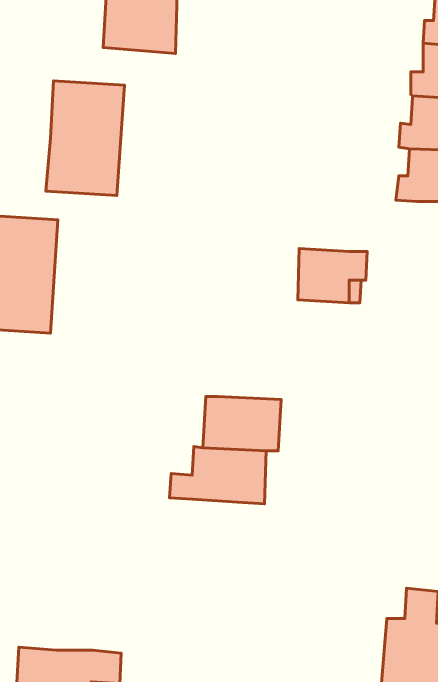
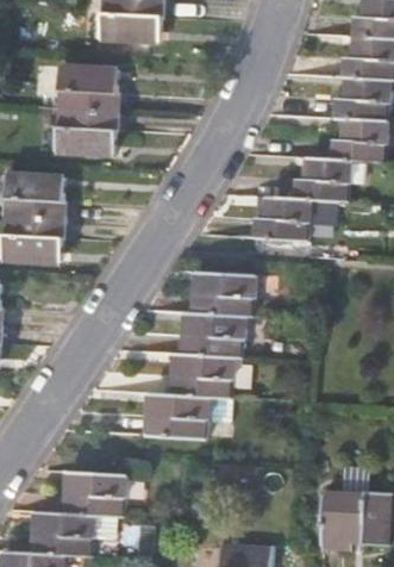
building: none -> [295,158,349,201]
building: none -> [192,273,252,317]
building: none -> [130,394,207,437]
building: none -> [64,473,124,517]

